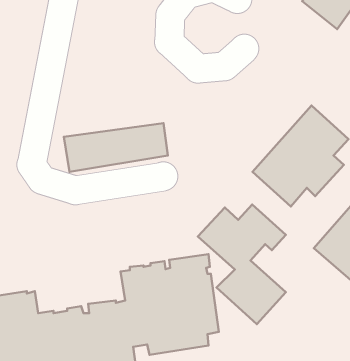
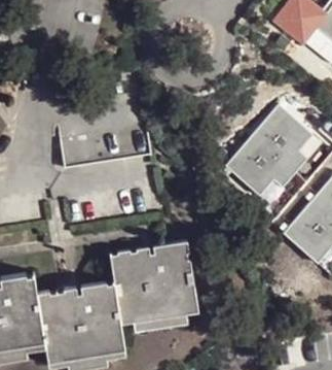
building: [198,204,286,324] -> none

